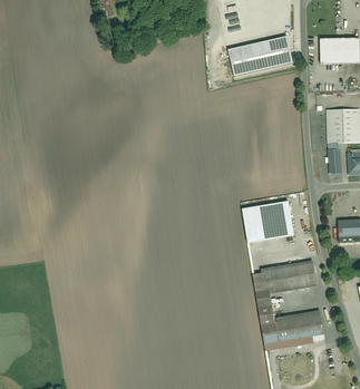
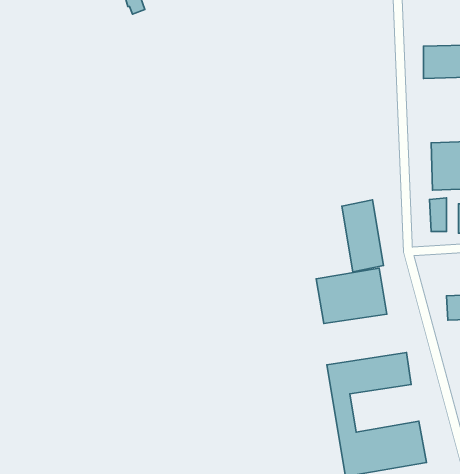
building: [231,35,295,75] -> none
building: none -> [342,200,384,272]

